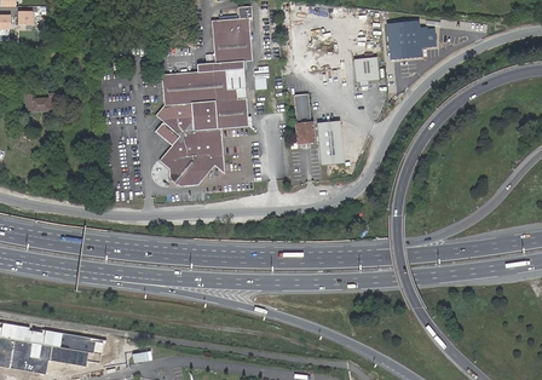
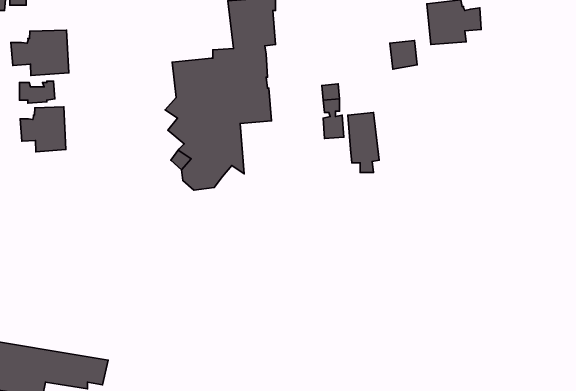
building: none -> [11,30,69,76]
building: none -> [20,107,66,152]

